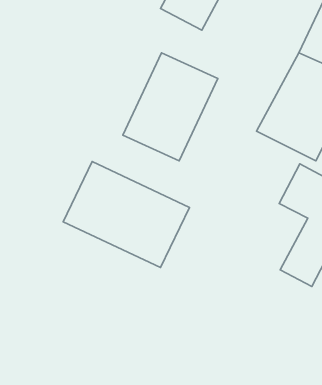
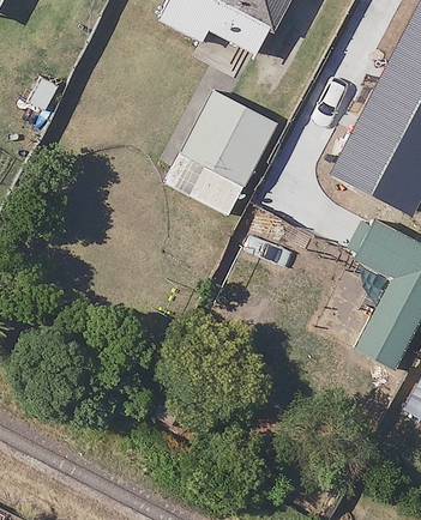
building: [63,162,190,268] -> none

